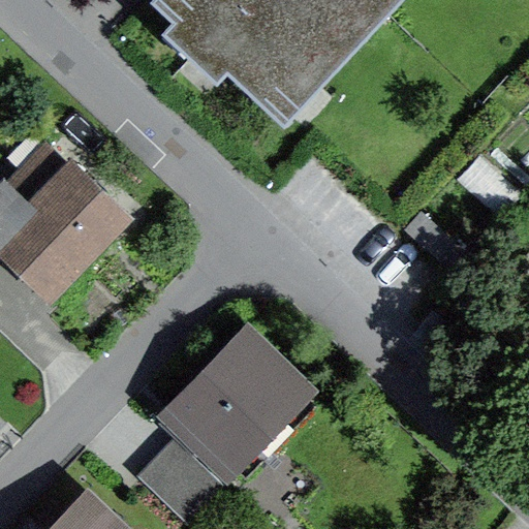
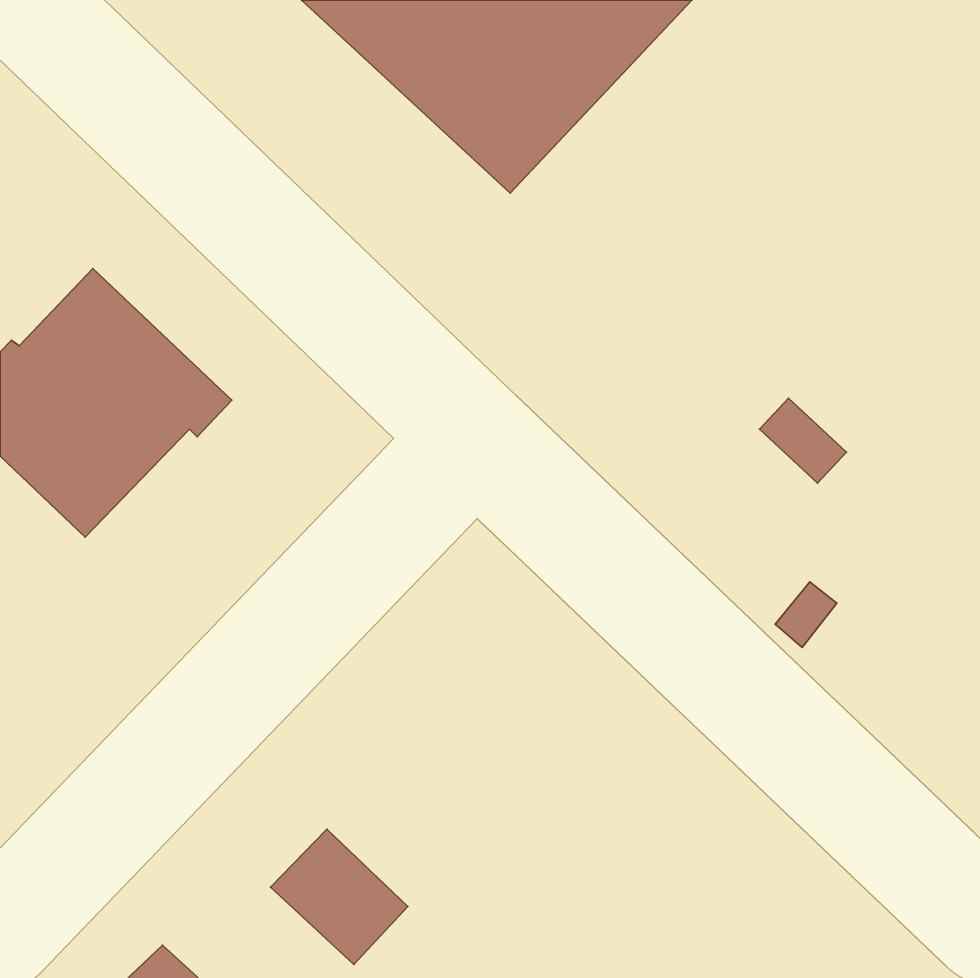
building: [181,344,302,465] -> none

